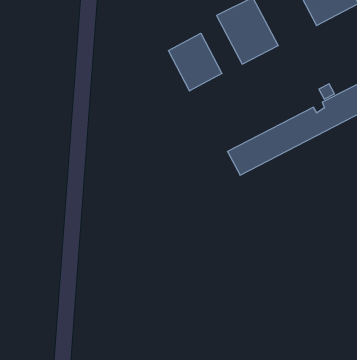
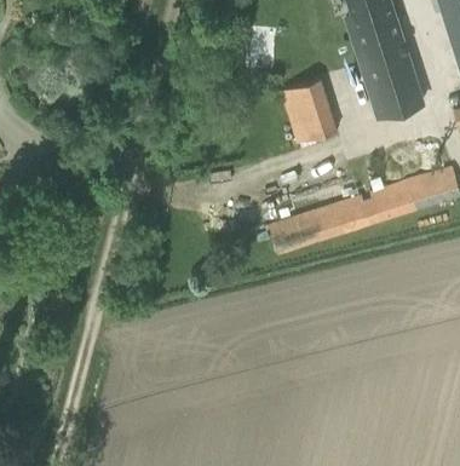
building: [168,33,222,91] -> none

